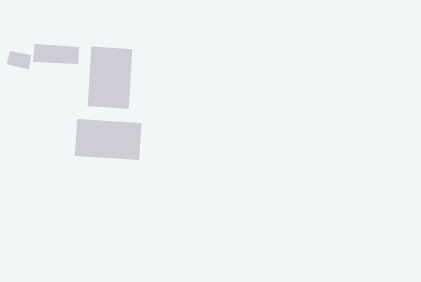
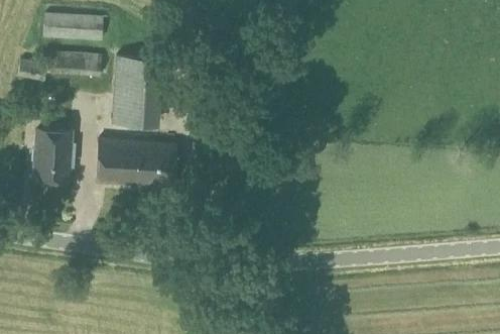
building: none -> [43,12,105,39]
building: none -> [34,128,76,180]

